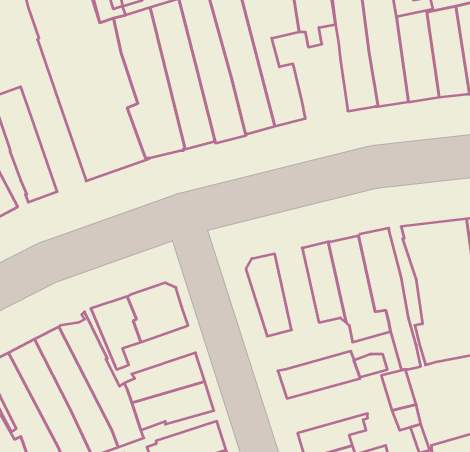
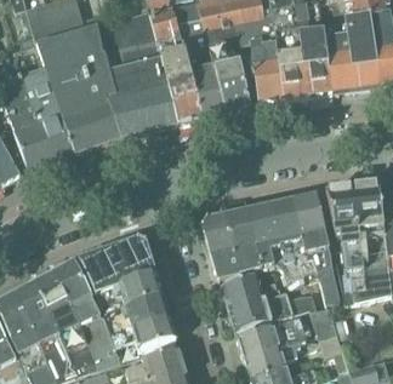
building: none -> [11,42,74,164]
building: none -> [251,45,283,103]
building: none -> [224,208,260,274]
building: none -> [102,270,161,313]
building: none -> [221,274,280,306]
building: none -> [235,316,304,356]

